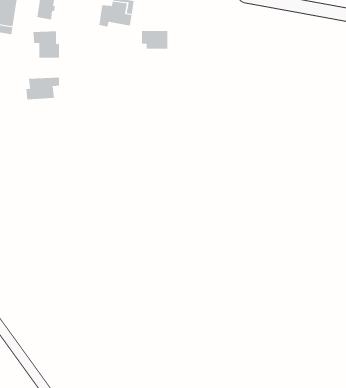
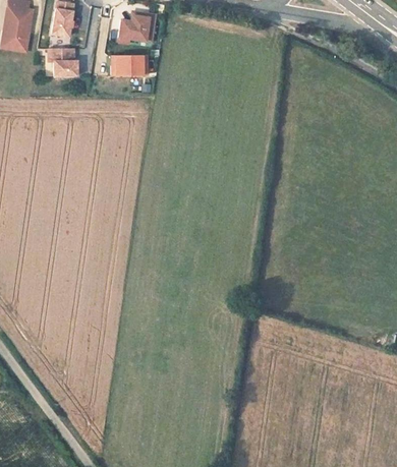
building: [141,31,168,49] -> [113,57,141,76]
building: [26,77,60,100] -> none

